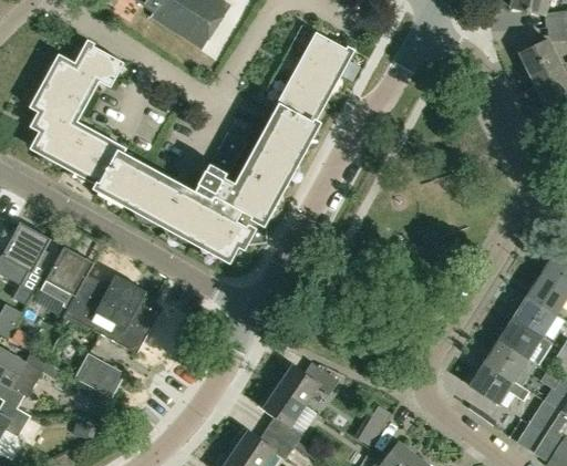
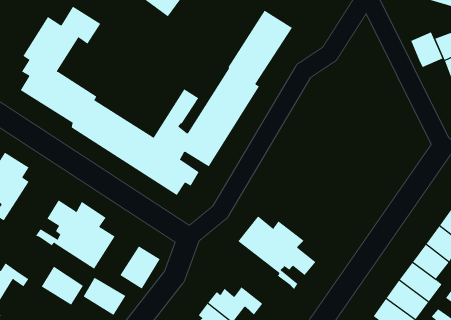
building: none -> [410,31,443,68]
building: [34,246,94,320] -> none
building: none -> [238,216,316,290]
building: none -> [120,245,161,290]
building: none -> [83,277,126,316]

